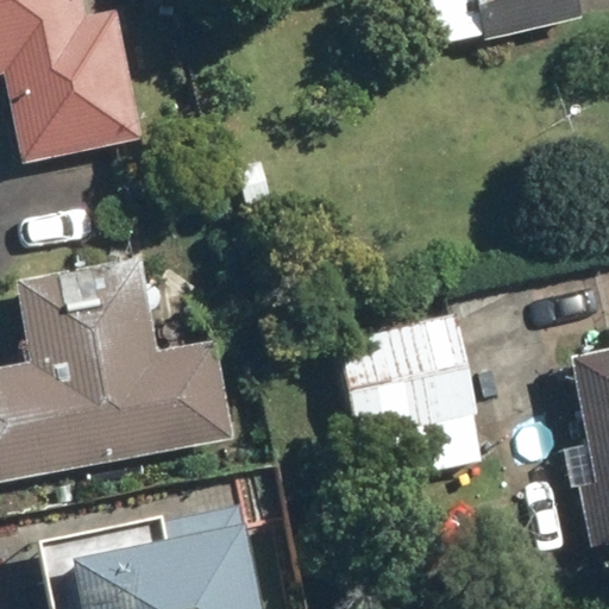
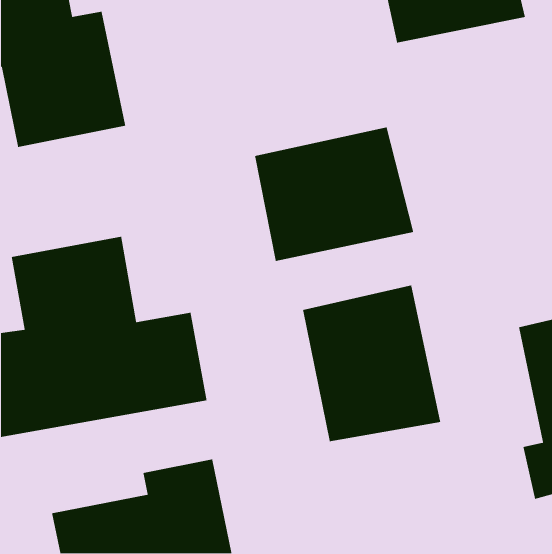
building: none -> [254,126,414,262]

